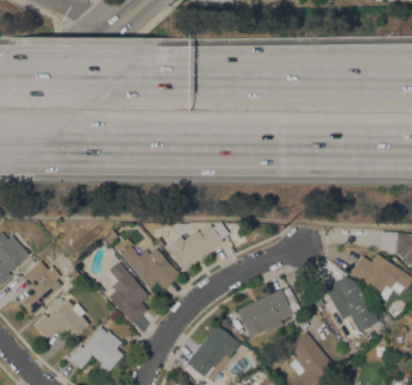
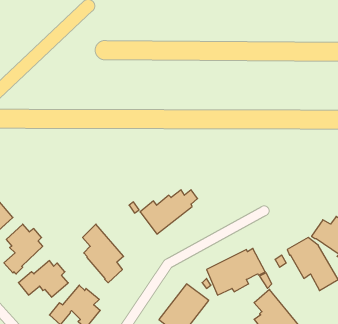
building: [118,243,180,290] -> none

